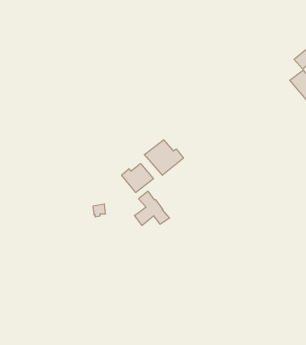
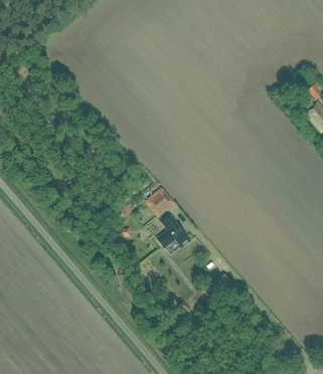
building: [144,140,183,175] -> none

